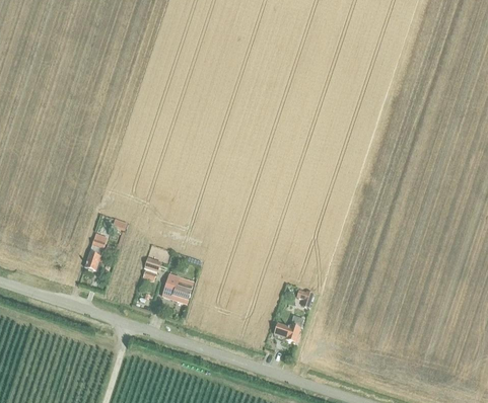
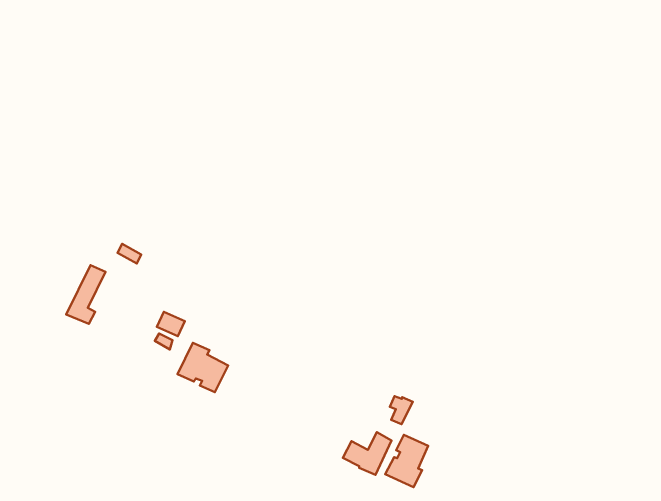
building: none -> [385,435,428,487]

